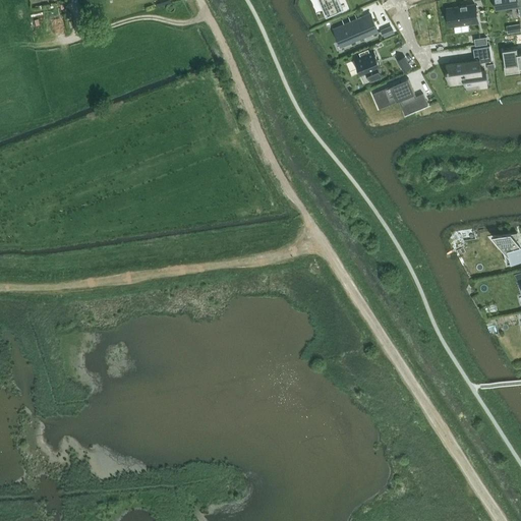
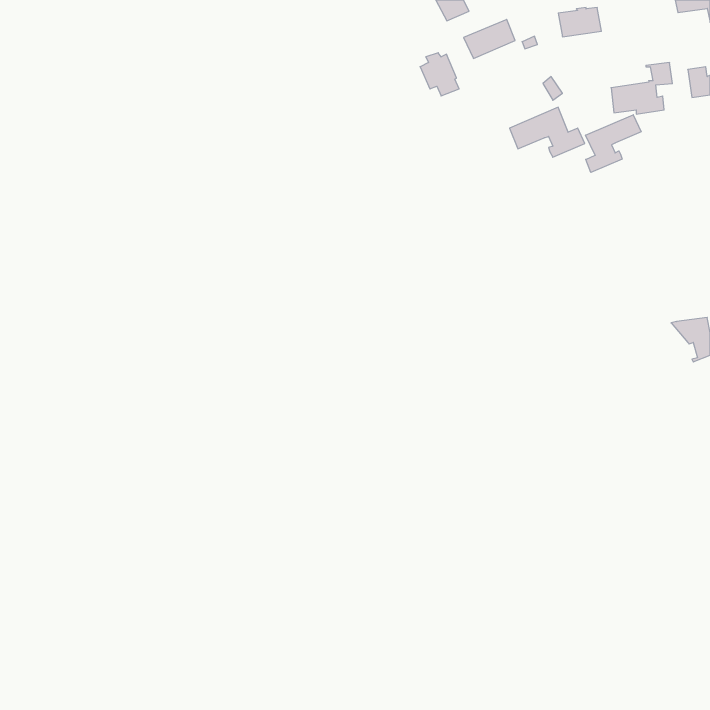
building: [446,5,477,26] -> [558,8,601,37]
building: [354,51,383,82] -> [420,53,459,96]
building: none -> [586,115,641,172]

